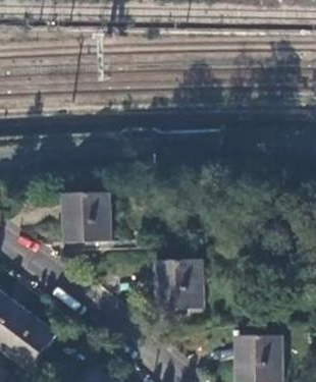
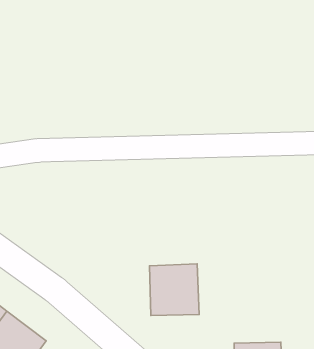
building: [63,193,110,241] -> none

